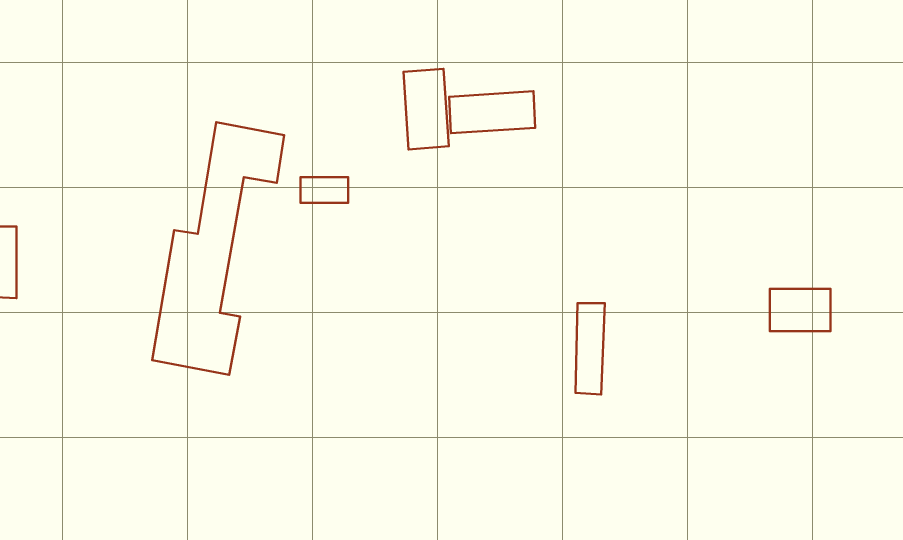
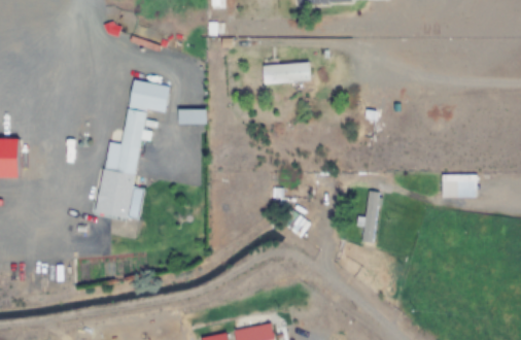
building: [404,69,449,149] -> none
building: [576,303,605,395] -> [363,191,380,242]

